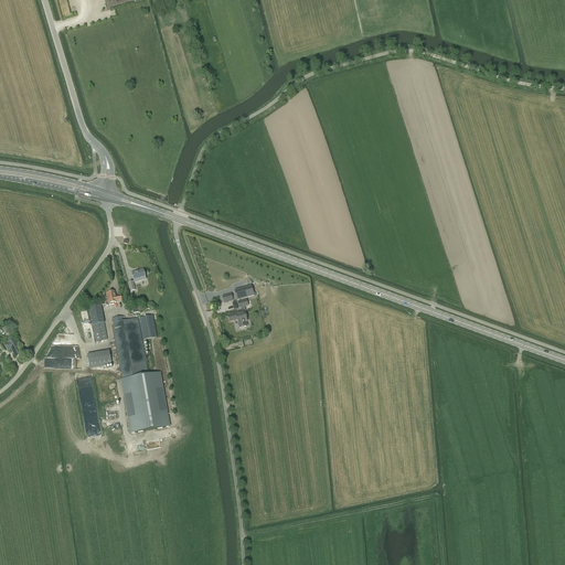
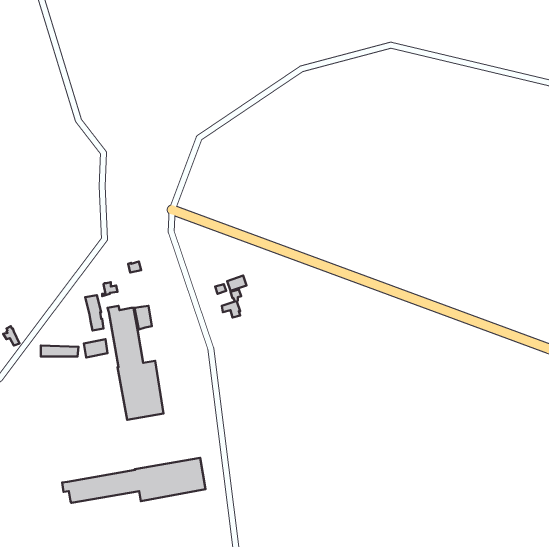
building: none -> [62,458,206,503]

